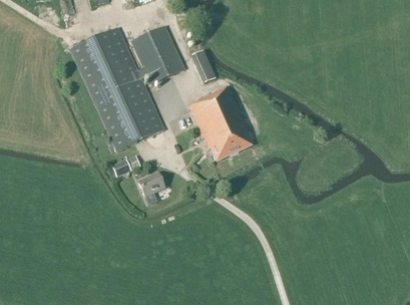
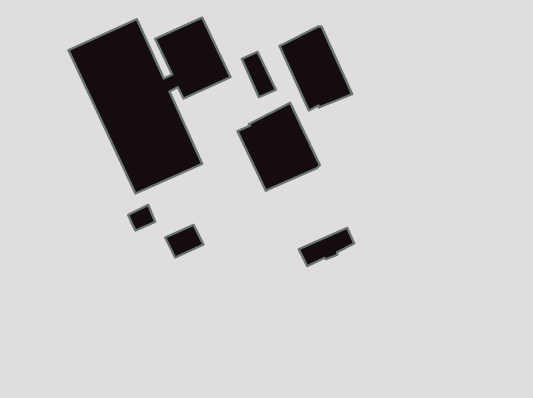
building: none -> [279,26,352,110]
building: [211,132,250,160] -> [299,228,354,266]

